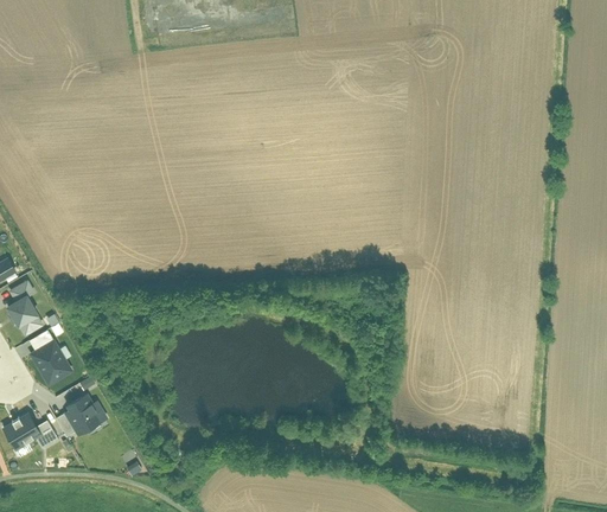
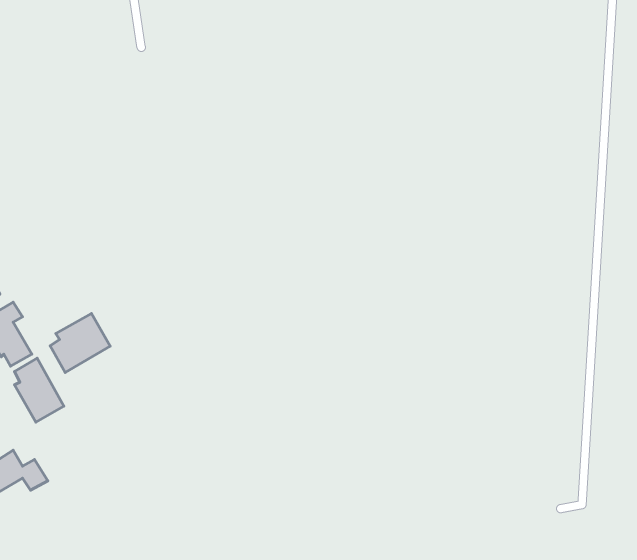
building: none -> [50,313,110,373]
building: [55,390,109,437] -> none

